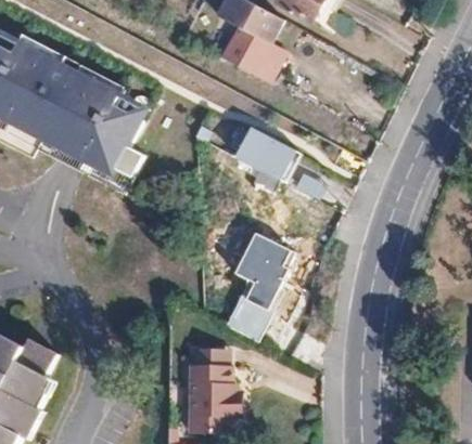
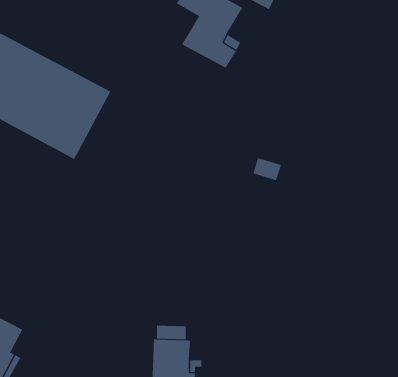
building: [235,127,301,181] -> none
building: [226,230,299,339] -> none

